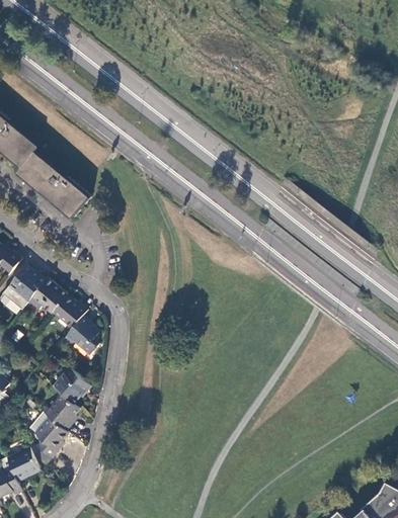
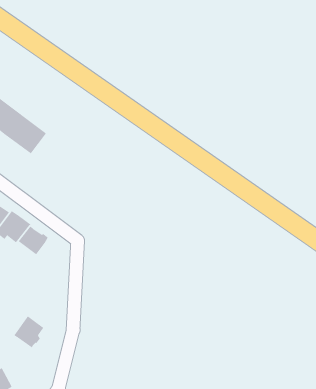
building: [62,316,99,354] -> none
building: [49,366,87,402] -> none
building: [31,416,65,456] -> none

